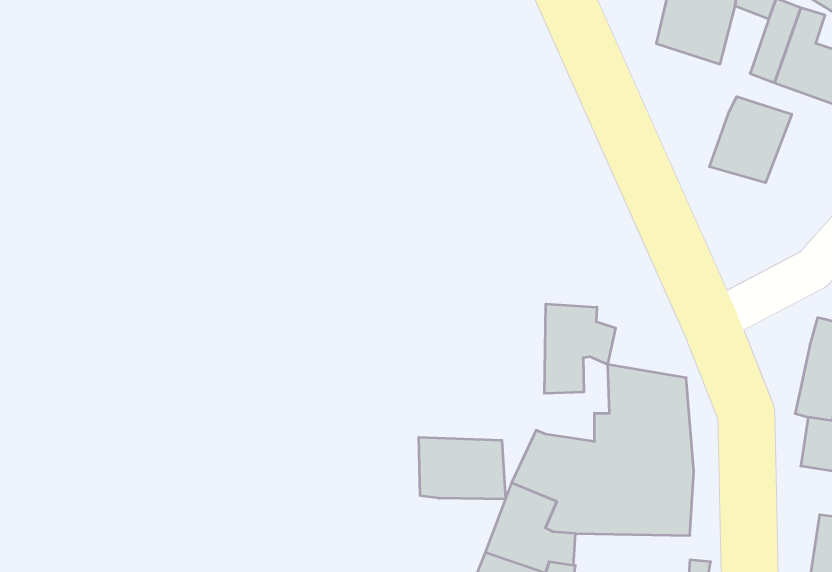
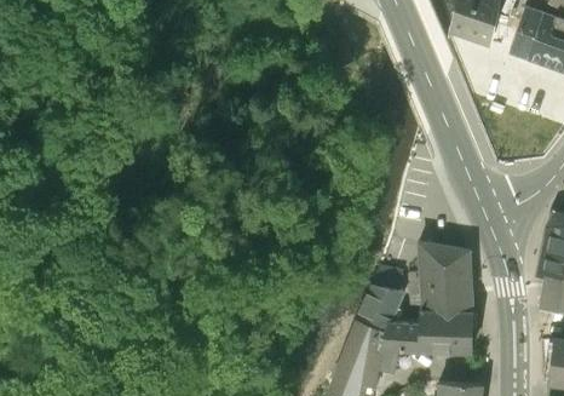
building: [709,97,792,183] -> none
building: [544,304,616,393] -> none
building: [419,437,505,499] -> none

